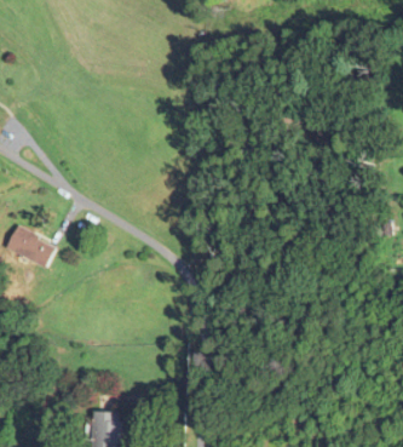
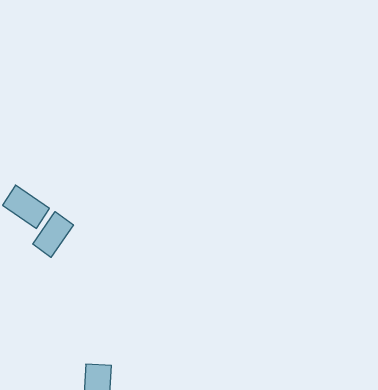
building: none -> [33,212,73,257]

